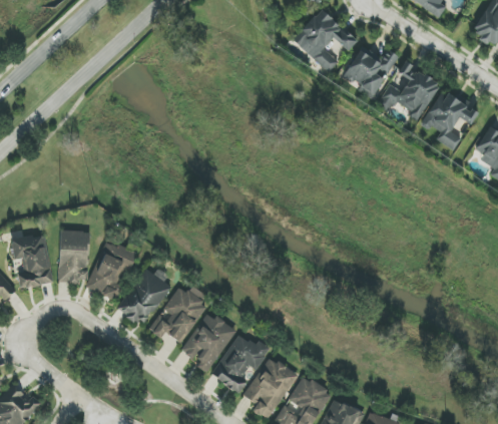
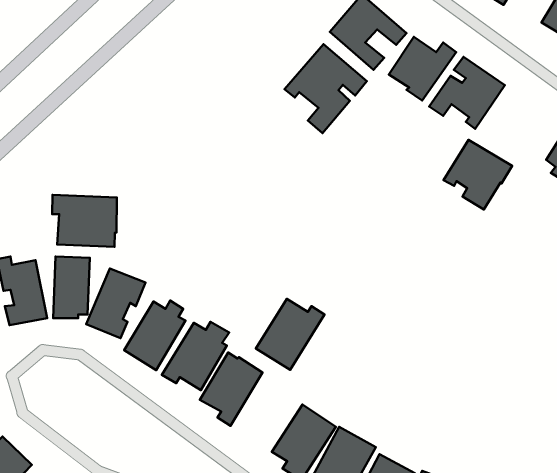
building: none -> [284,44,367,133]
building: [420,91,478,150] -> [444,140,512,210]
building: none -> [52,195,117,247]
building: [211,334,270,394] -> [256,299,325,370]

